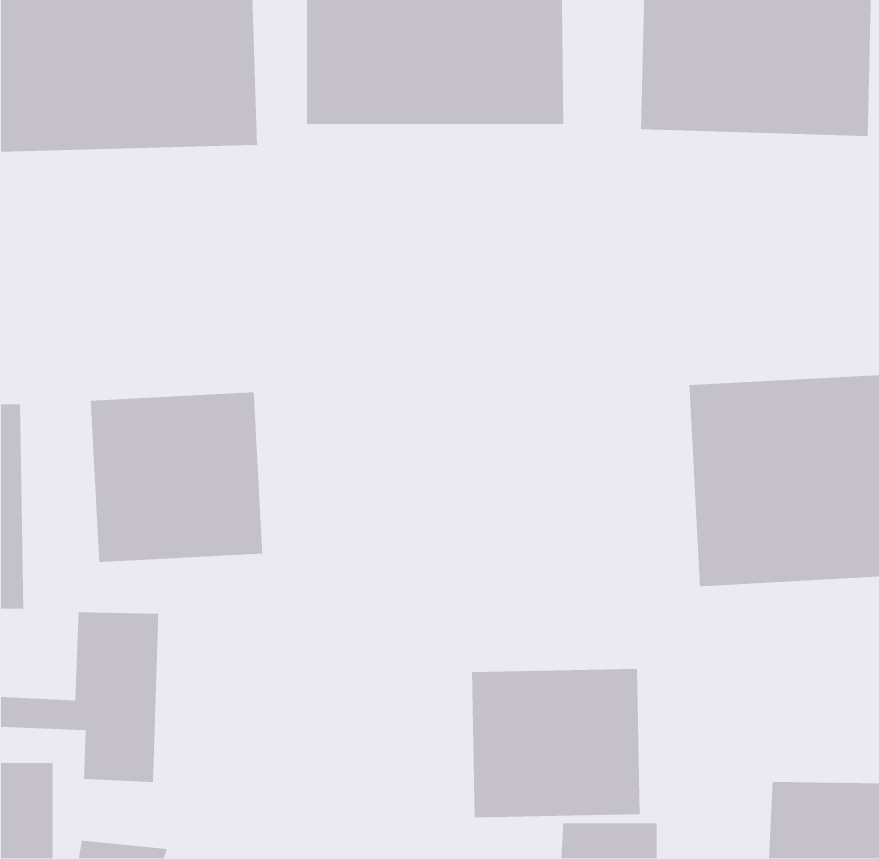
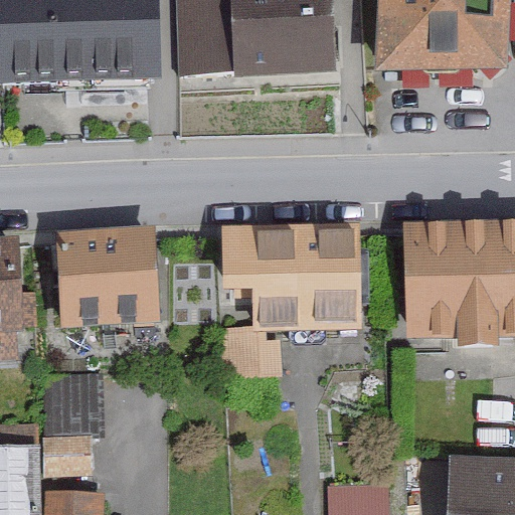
building: none -> [218,224,362,377]
building: [471,668,641,818] -> none

